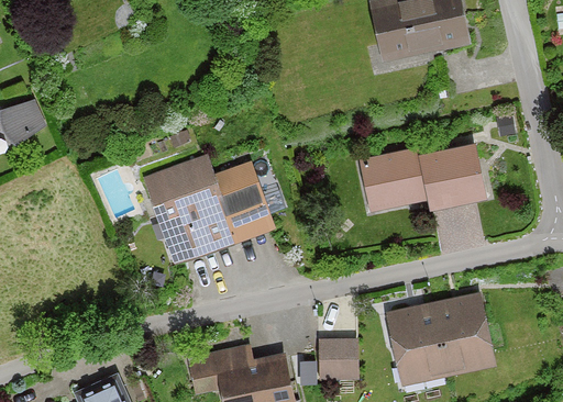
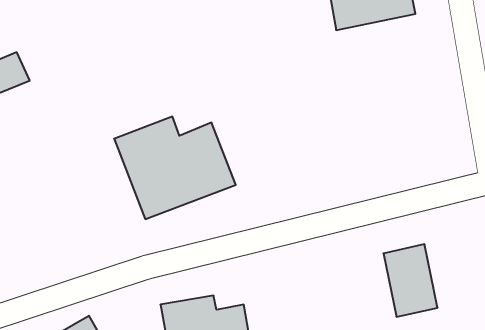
building: [362,149,486,217] -> none
building: [389,302,449,381] -> none
building: [317,335,362,381] -> none

